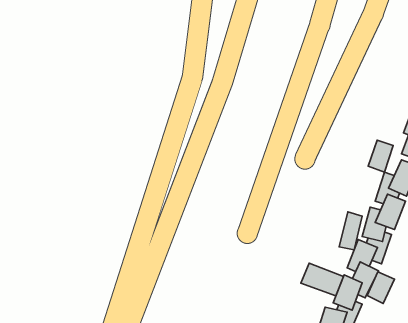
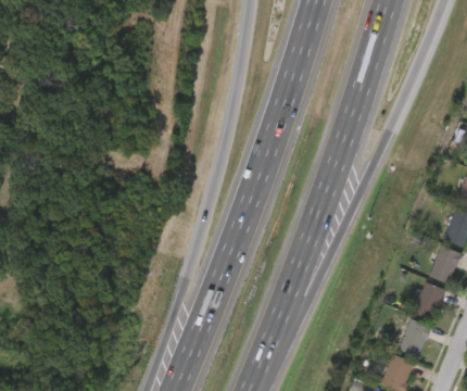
building: [368,140,393,172] -> none
building: [339,212,362,250] -> none
building: [301,263,343,296] -> none
building: [367,272,394,303] -> none

